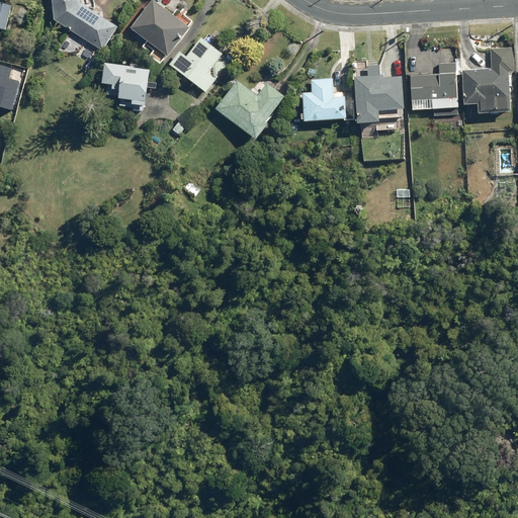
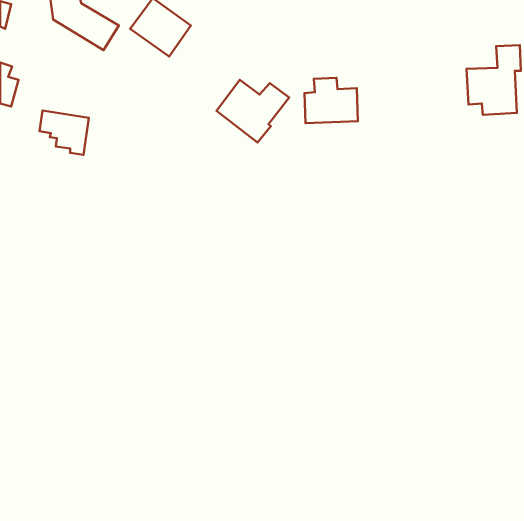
building: [168,36,231,92] -> none
building: [409,61,456,108] -> none
building: [100,63,149,106] -> [39,111,89,155]
building: [353,74,403,124] -> none

